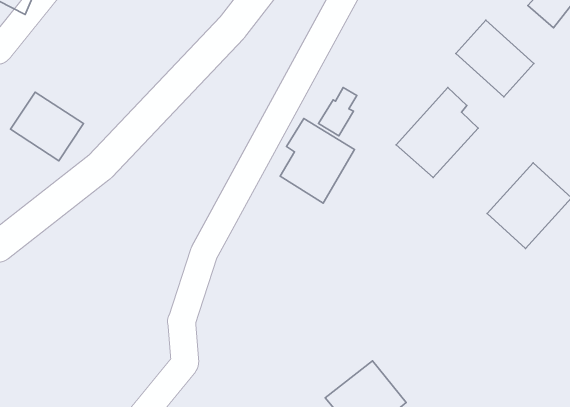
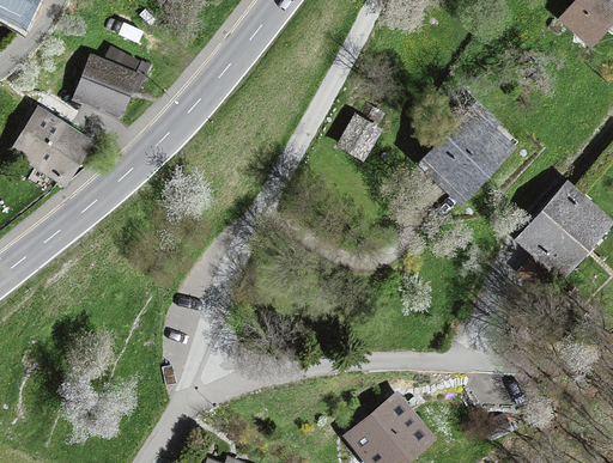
building: [456,20,534,97] -> none
building: none -> [74,49,147,115]
building: [280,119,355,203] -> none

